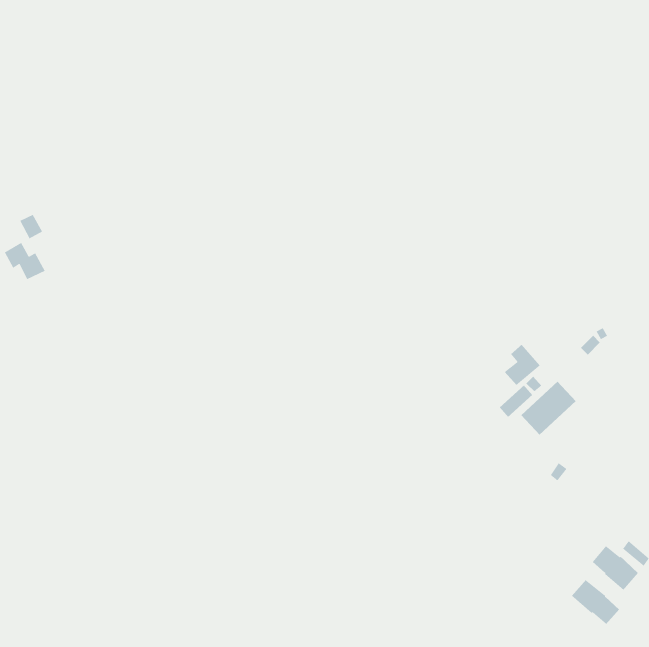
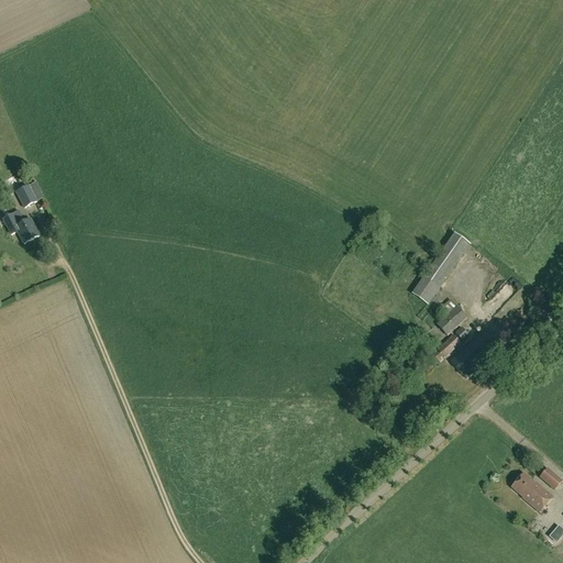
building: none -> [412,231,470,301]
building: [571,579,620,625] -> none

